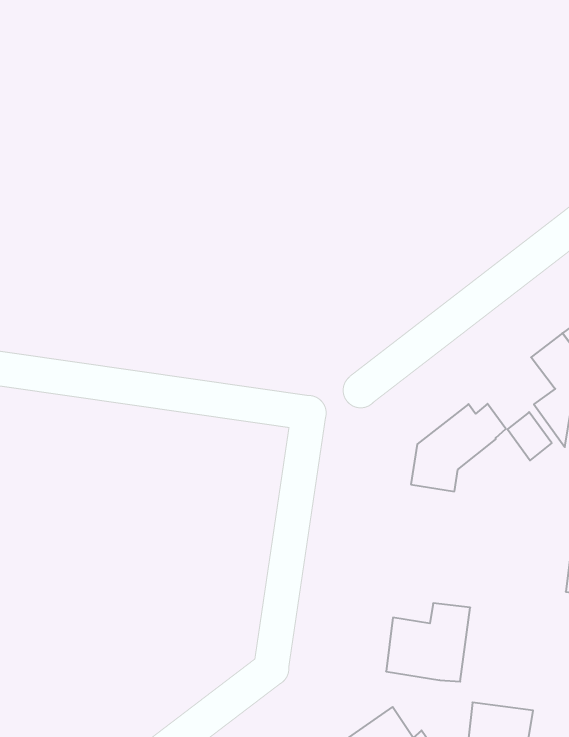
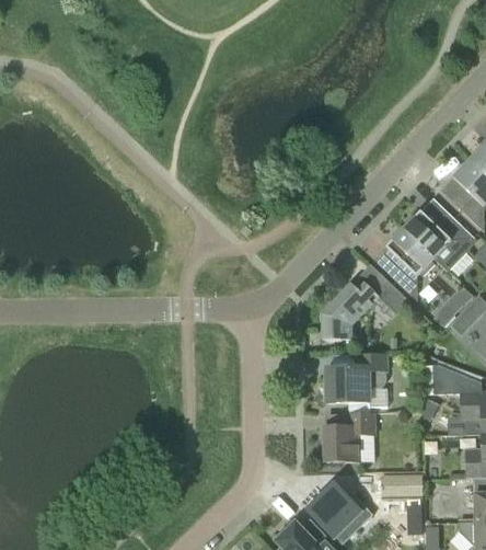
building: none -> [325,353,386,402]

